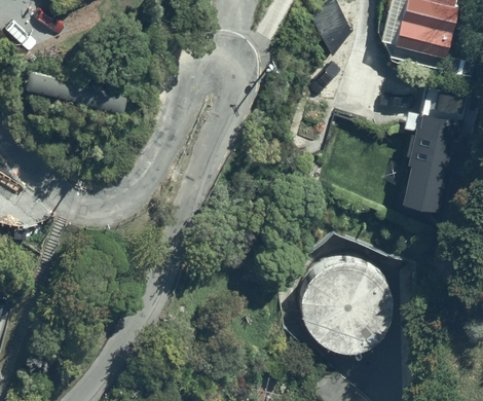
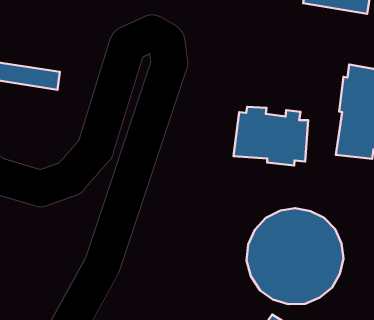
building: none -> [234,107,308,166]

